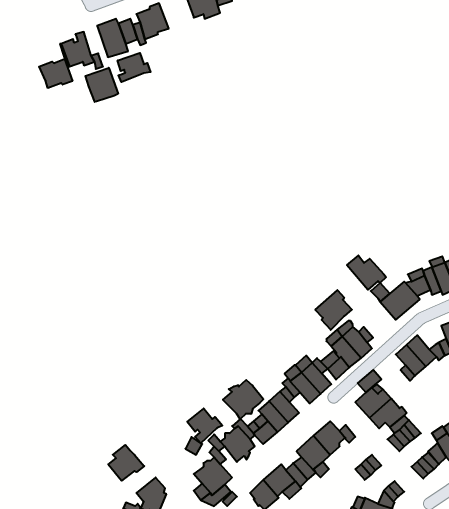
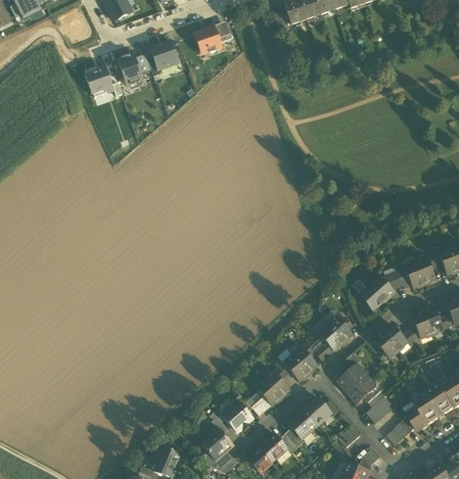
building: [118,53,151,82] -> none
building: [39,59,72,88] -> none
building: [85,68,118,102] -> none
building: [347,255,386,290] -> none
building: [315,290,352,330] -> none
building: [223,380,263,419] -> none
building: [187,408,222,443] -> none
building: [108,445,144,481] -> none

